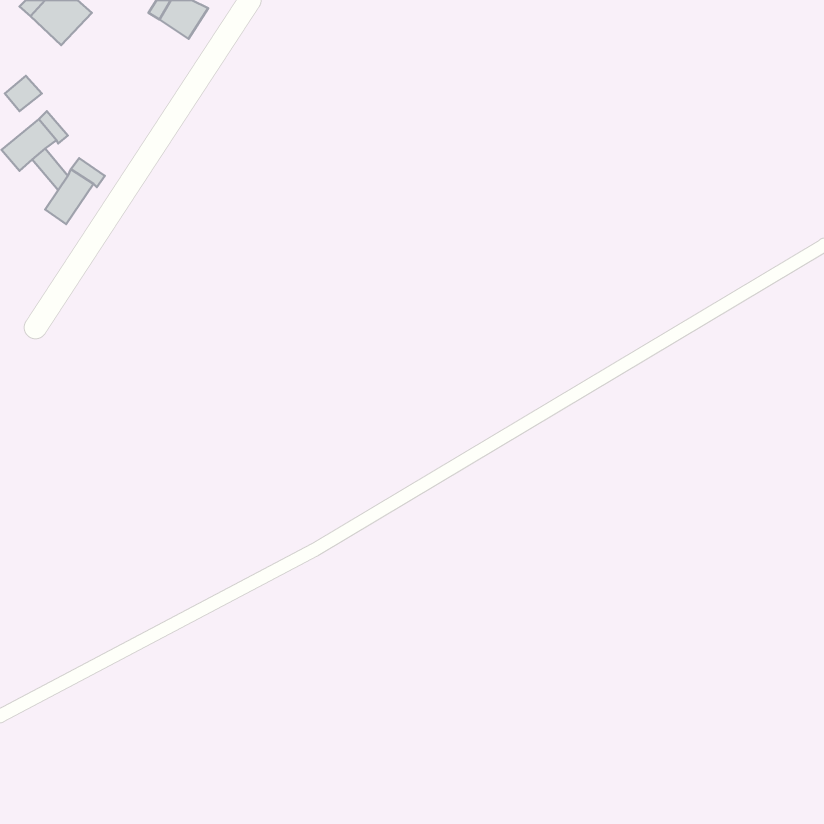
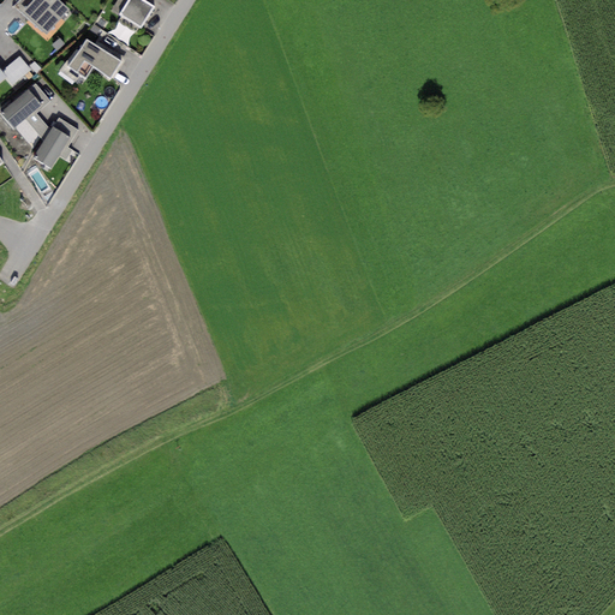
building: none -> [67,37,121,78]

